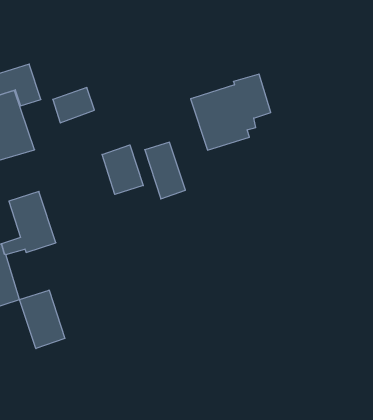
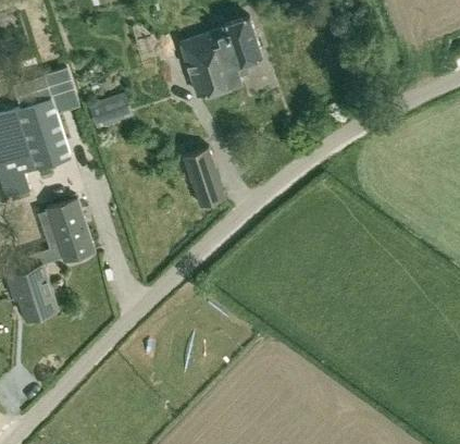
building: [191,74,271,150] -> [181,20,262,97]
building: [102,145,143,194] -> none
building: [20,290,65,349] -> none

